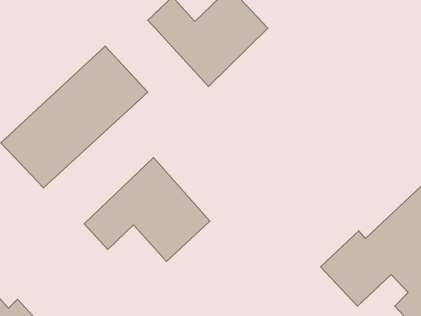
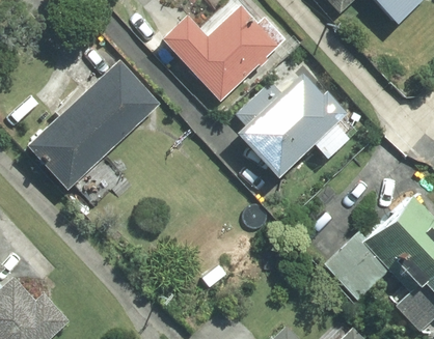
building: none -> [237,72,357,174]
building: [84,158,210,261] -> none

